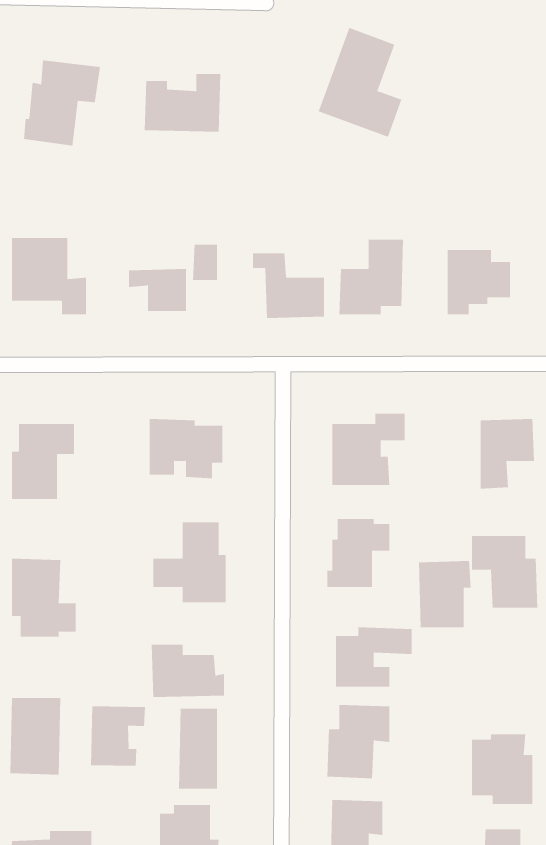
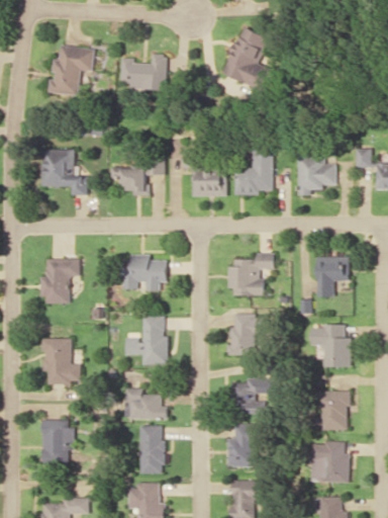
building: [418,561,471,628] -> [318,391,350,430]
building: [90,706,145,766] -> none

